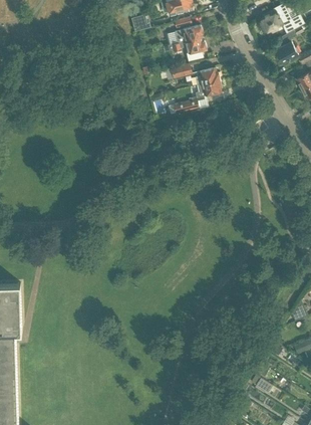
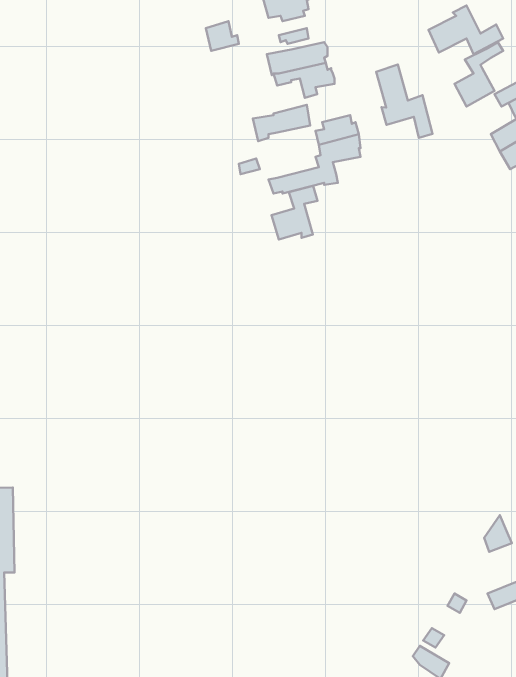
building: none -> [376,65,433,138]
building: none -> [271,186,318,239]

